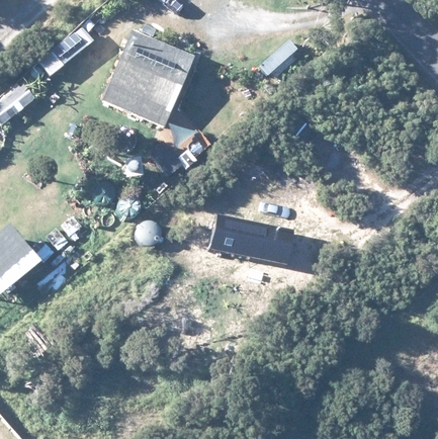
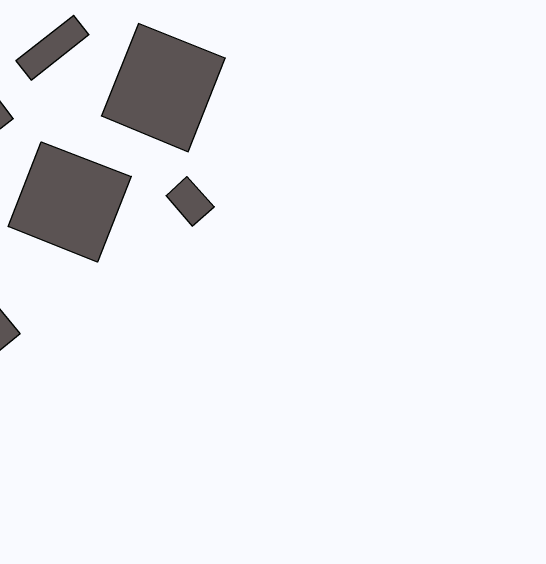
building: none -> [8,142,131,262]

